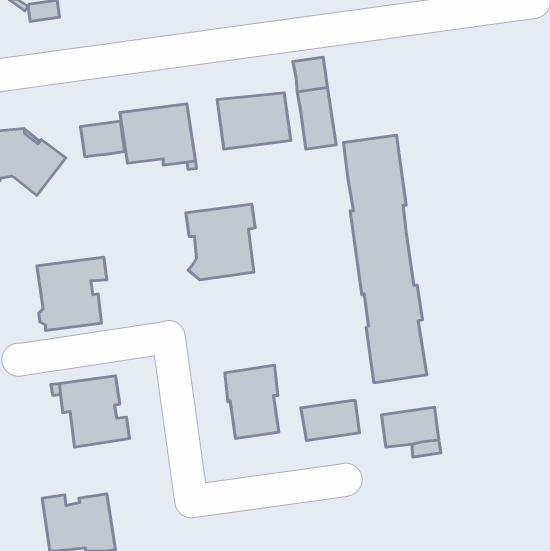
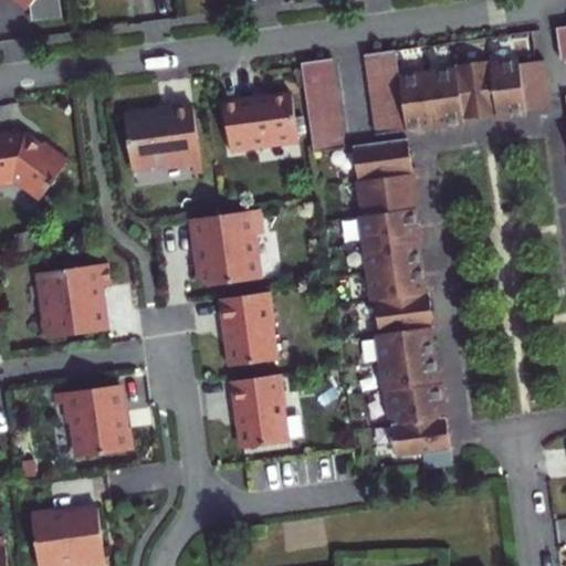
building: none -> [363,50,549,135]
building: [80,121,125,157] -> none
building: none -> [218,291,276,366]
building: [301,400,359,440] -> [385,384,444,424]

